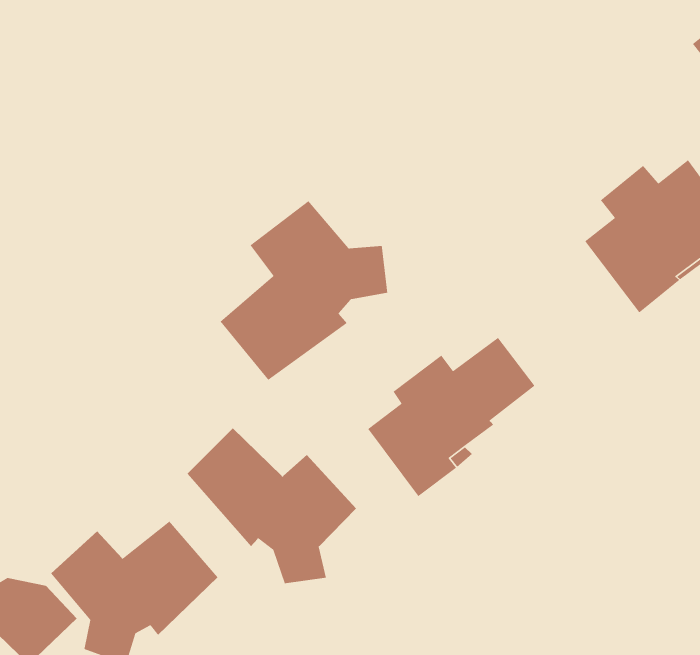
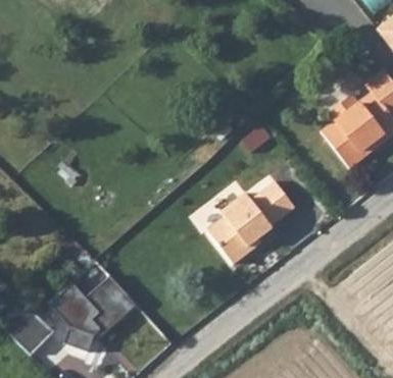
building: [219,200,388,381] -> none
building: [186,428,357,584] -> none

